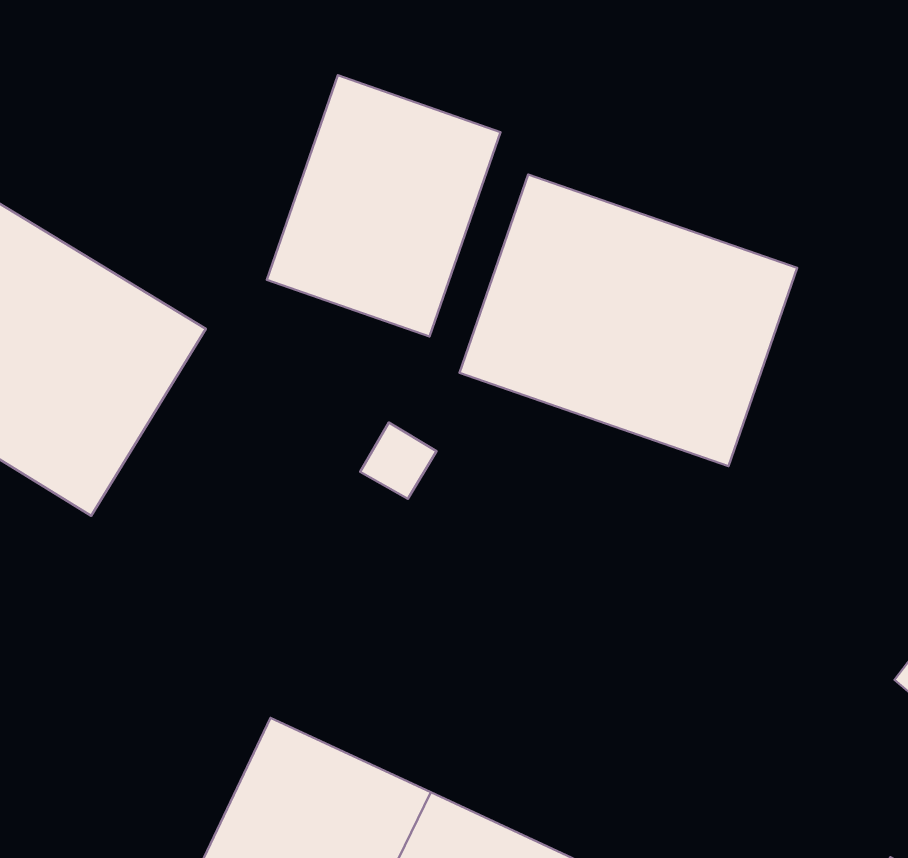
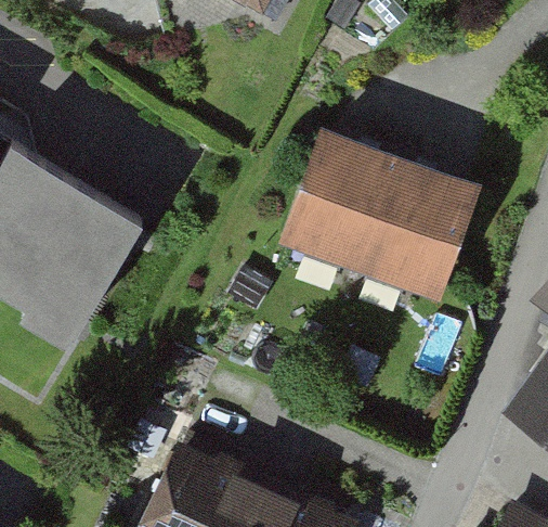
building: [267,75,501,337] -> none

